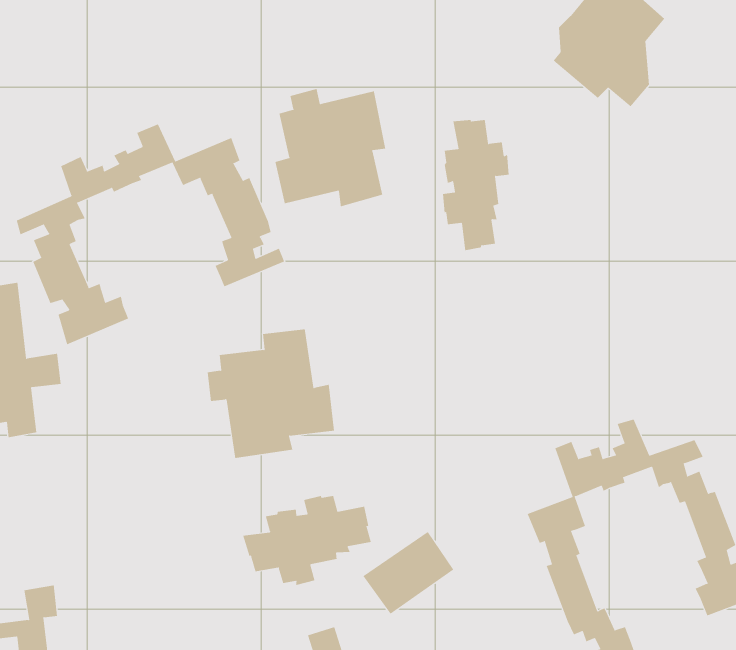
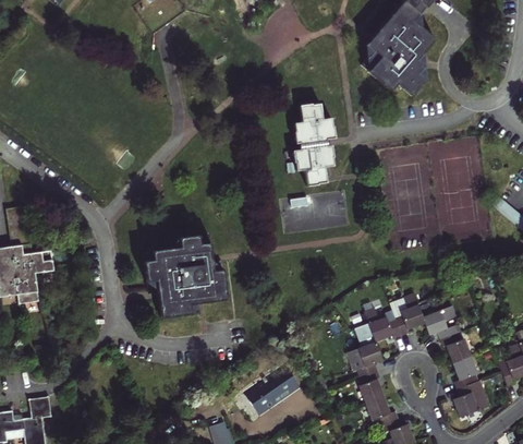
building: [275,88,386,207] -> none
building: [16,124,285,345] -> none
building: [242,495,372,586] -> none

